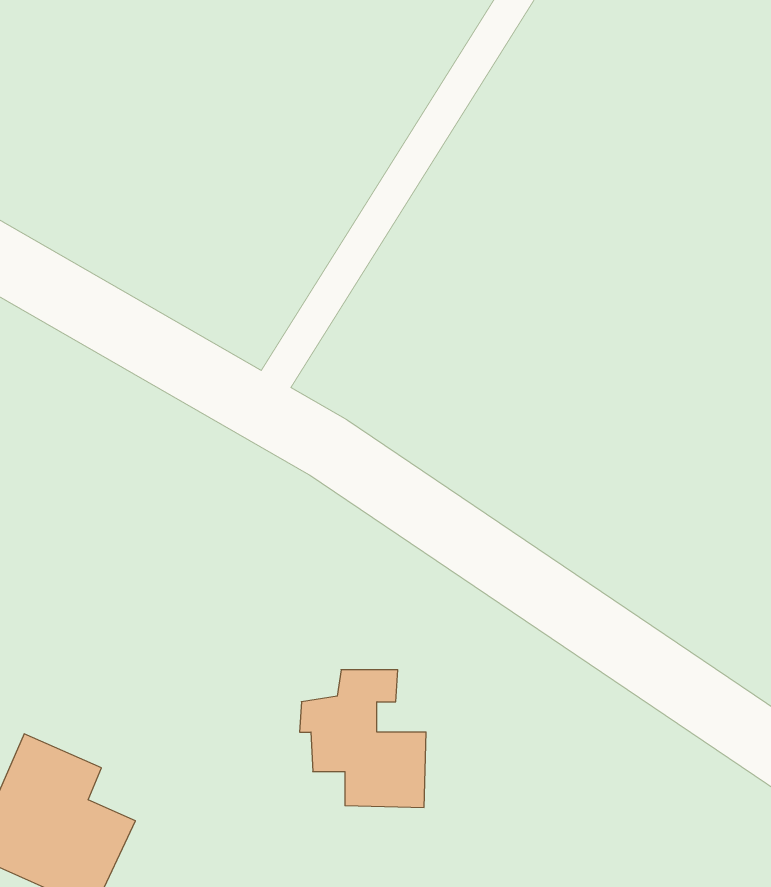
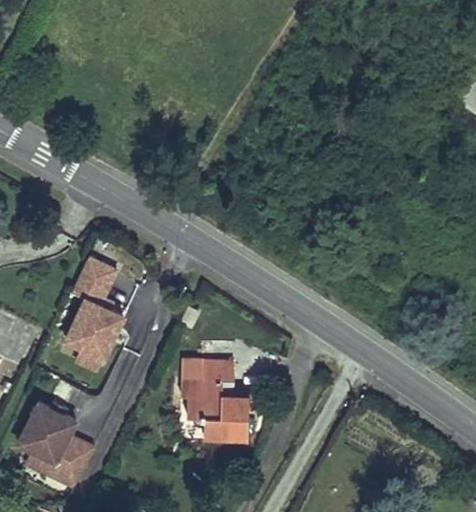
building: none -> [53,254,124,368]

